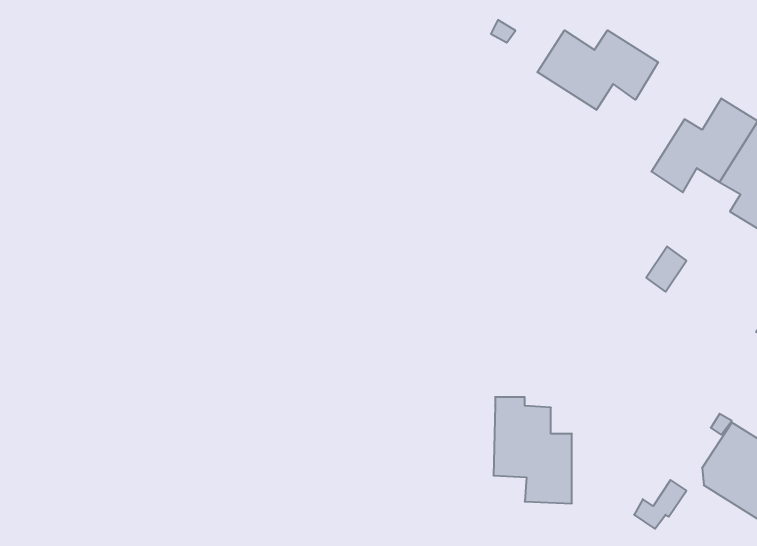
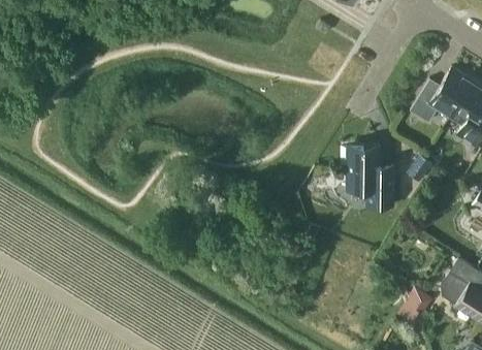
building: [537,30,658,110] -> none
building: [493,397,572,503] -> [347,145,393,208]

